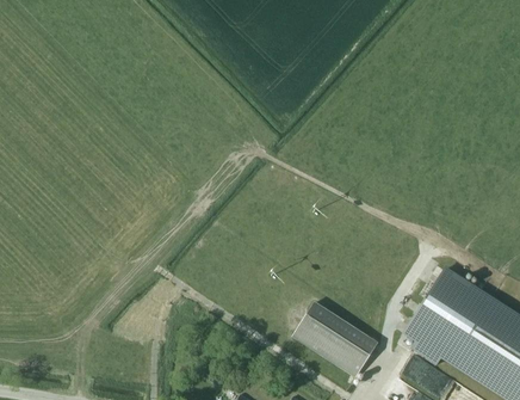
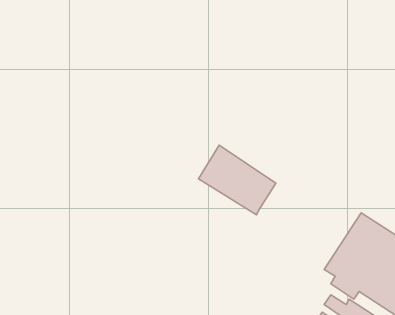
building: [292,300,377,376] -> [199,145,276,215]

